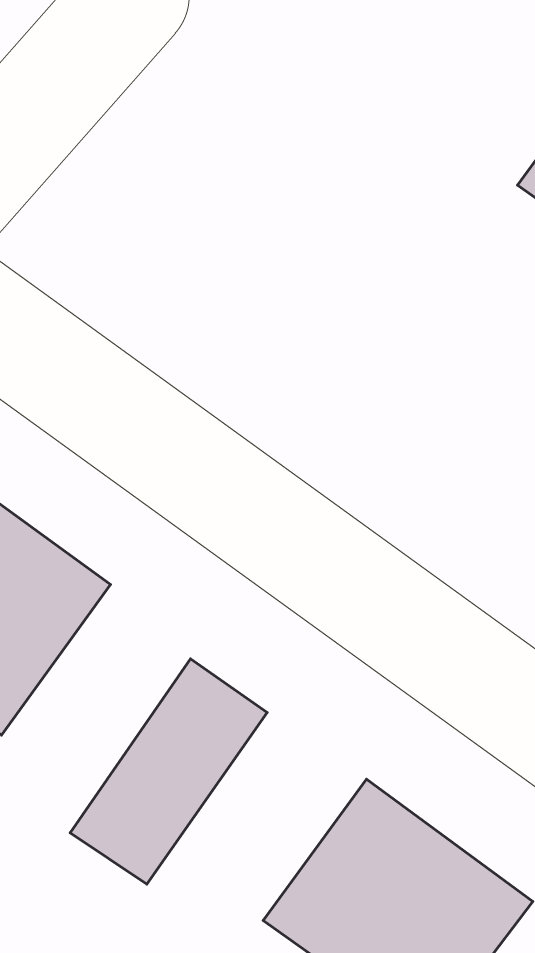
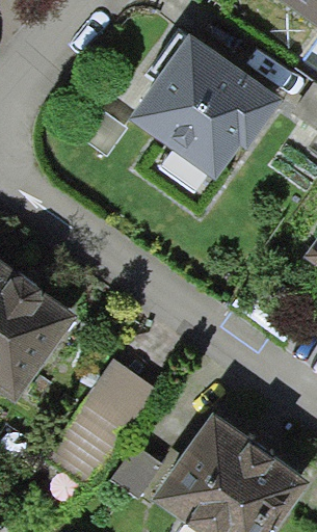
building: none -> [135,28,273,168]

